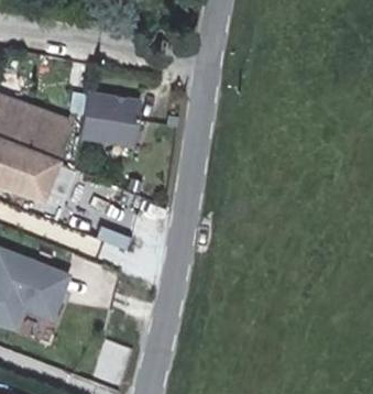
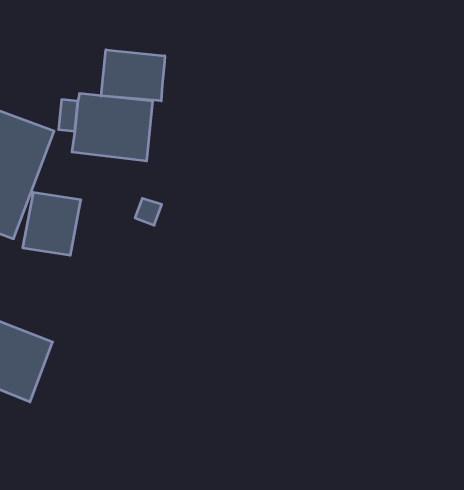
building: none -> [101,50,165,101]

